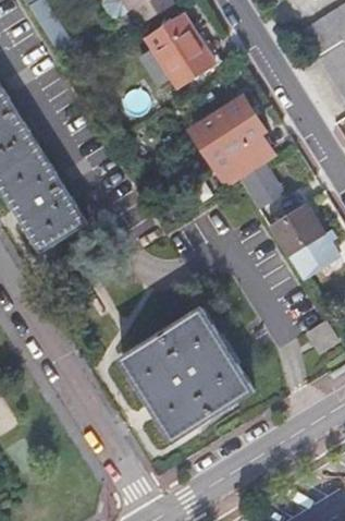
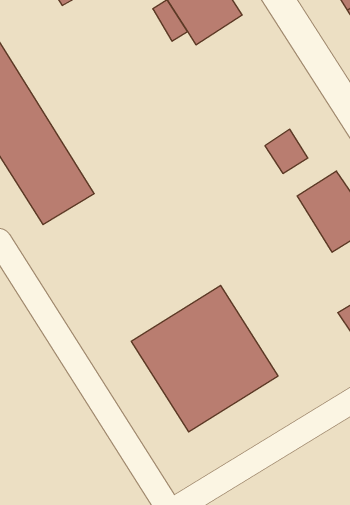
building: [193,97,272,163] -> none

